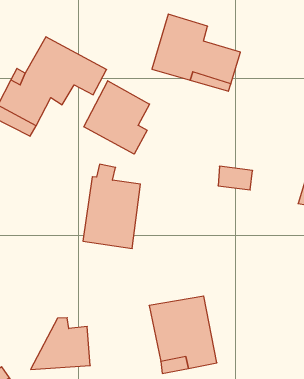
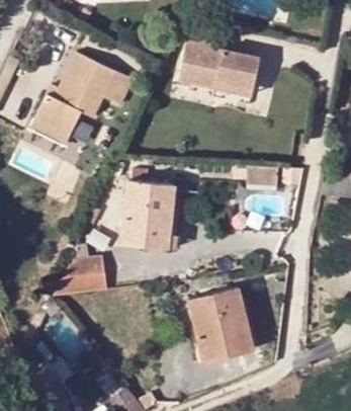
building: [84,81,150,154] -> none
building: [31,318,90,369] -> [54,245,109,296]

